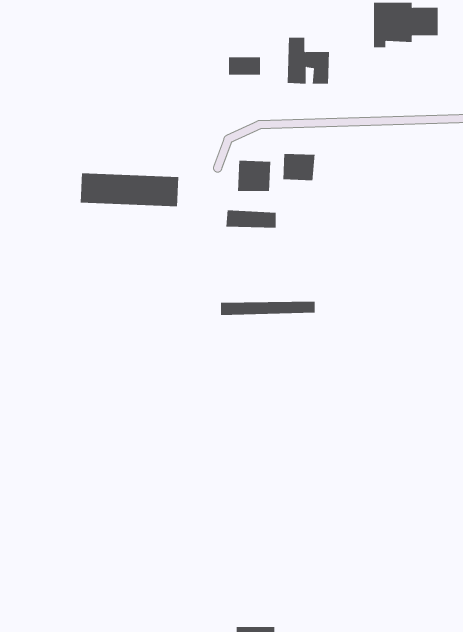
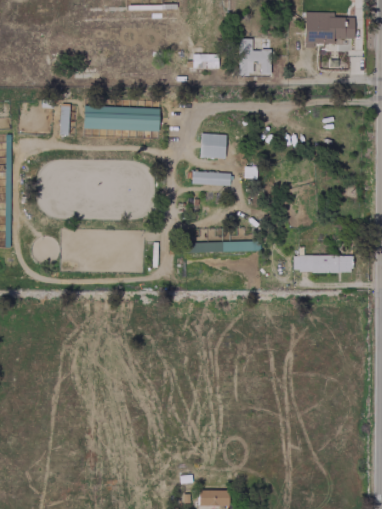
building: [283,153,315,181] -> none
building: [80,173,179,207] -> [84,105,160,131]
building: none -> [294,255,353,272]

